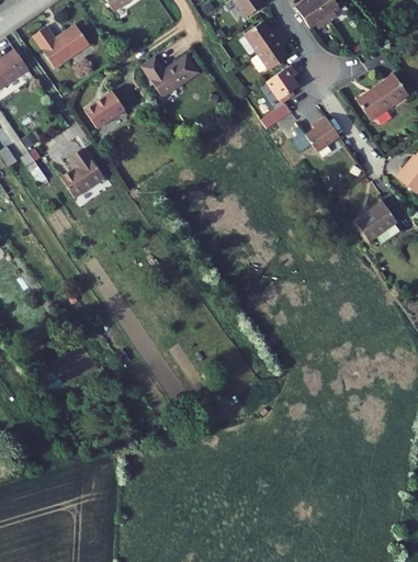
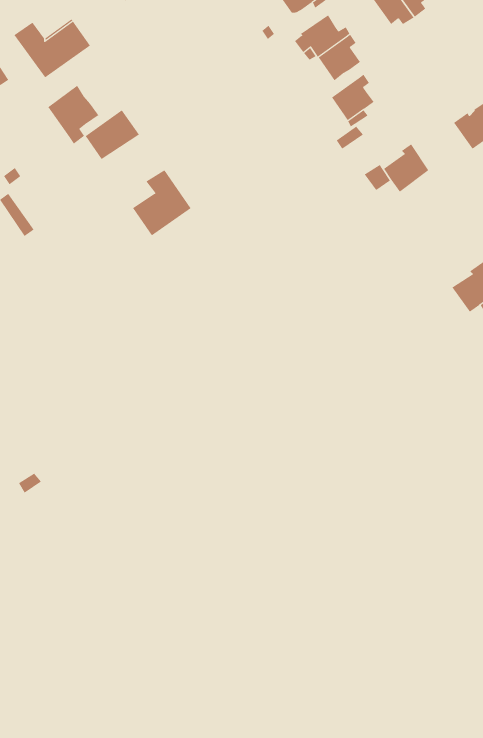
building: [140,55,199,97] -> none
building: none -> [47,85,99,144]
building: [60,149,104,199] -> [132,170,192,236]

